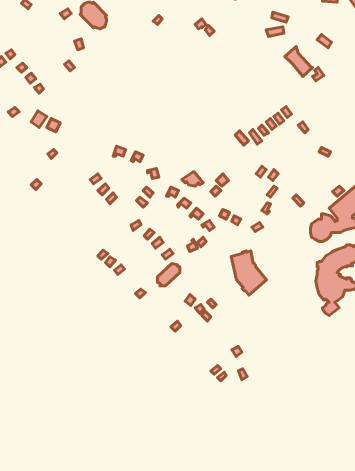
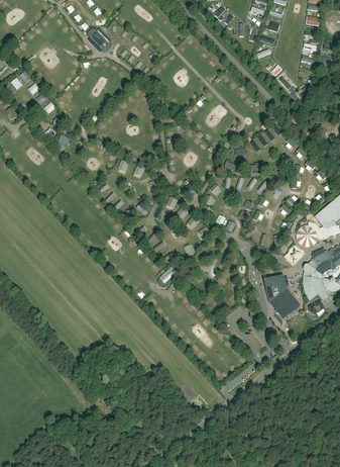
building: [231,251,266,295] -> [264,275,297,315]

